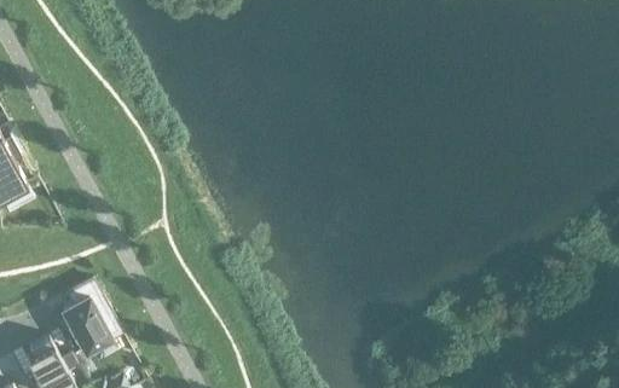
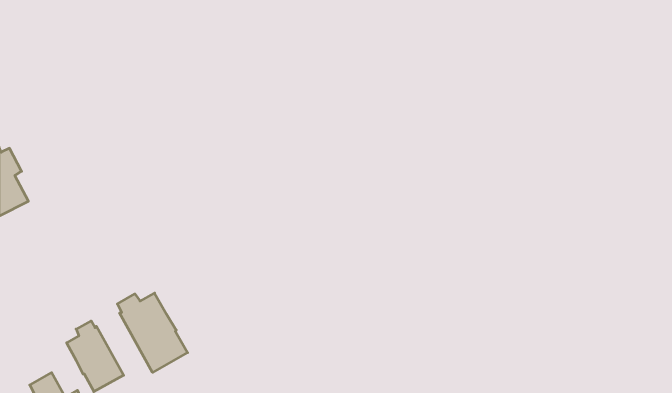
building: none -> [117,293,188,372]

